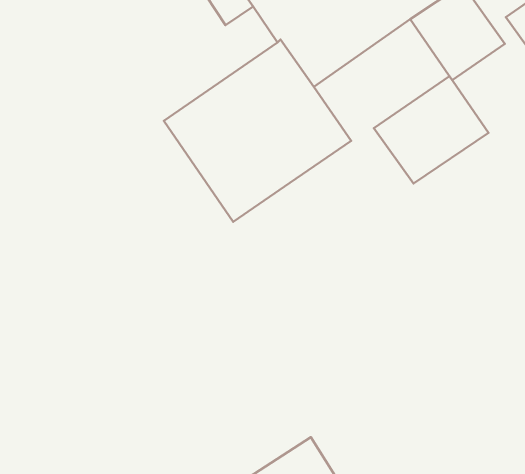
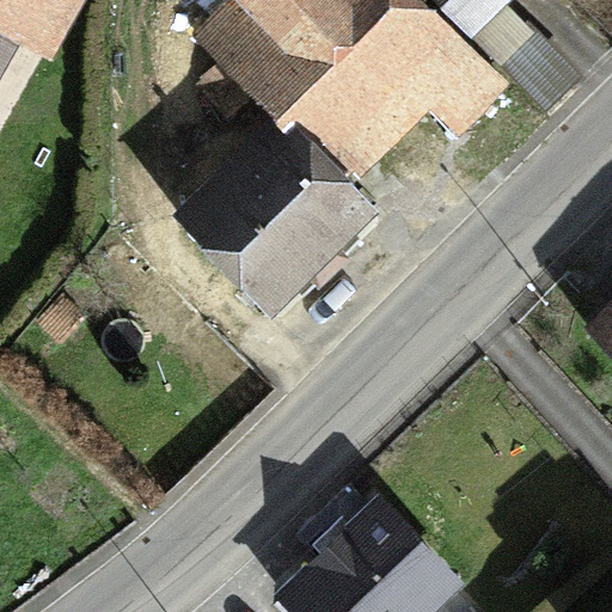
building: [374,76,489,183] -> none

